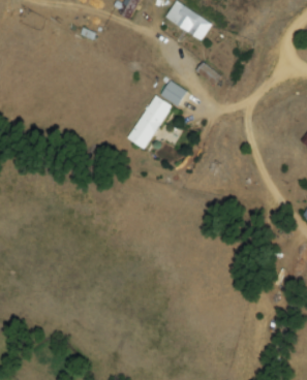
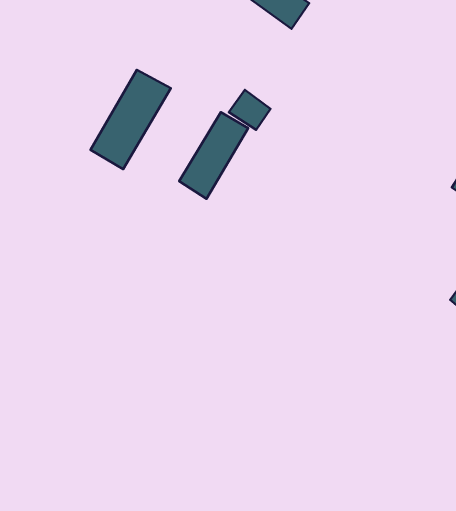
building: none -> [91,70,171,169]

